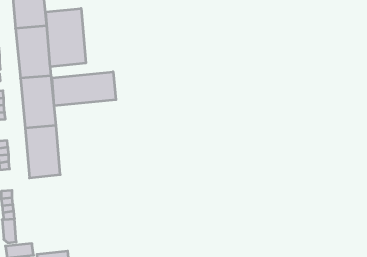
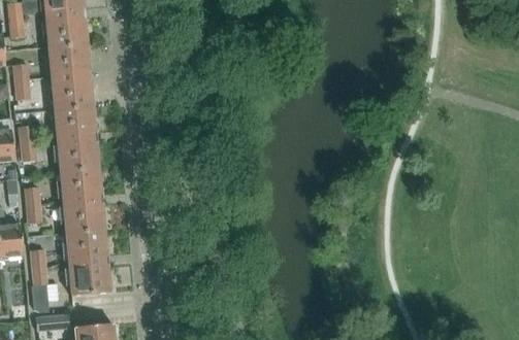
building: [46,8,86,67] -> none
building: [52,72,116,106] -> none
building: none -> [66,229,110,295]

